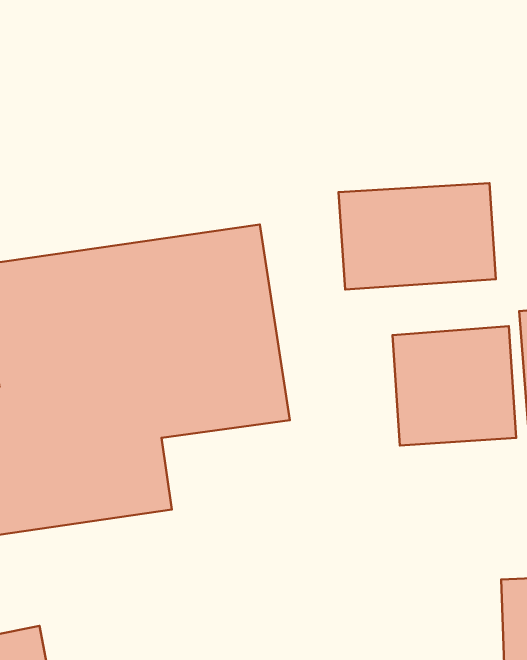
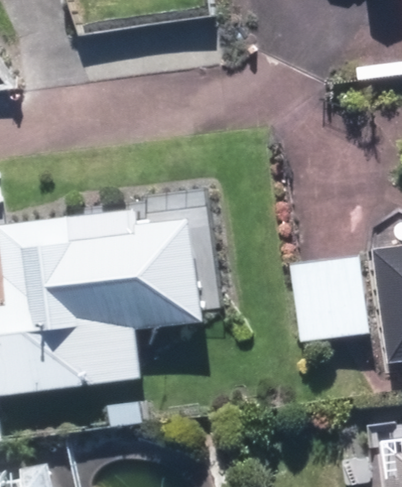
building: [339,183,496,290] -> none

